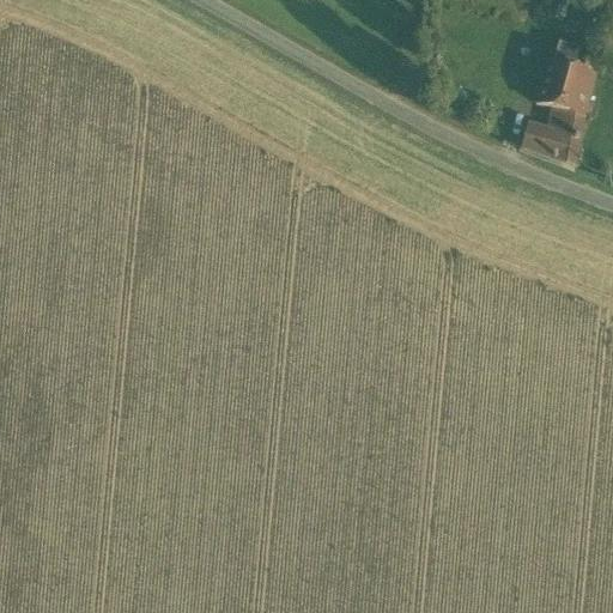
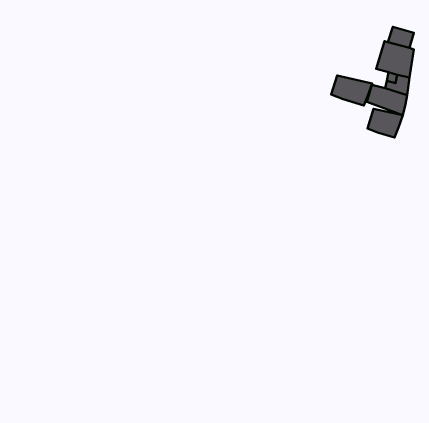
building: none -> [331,75,372,105]
building: none -> [367,109,403,138]

